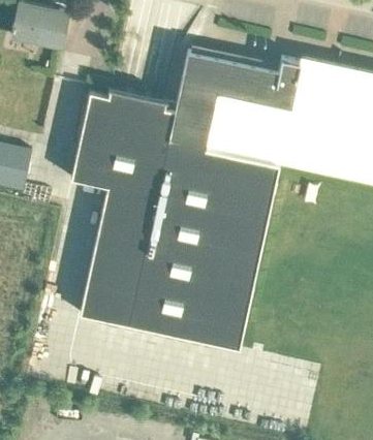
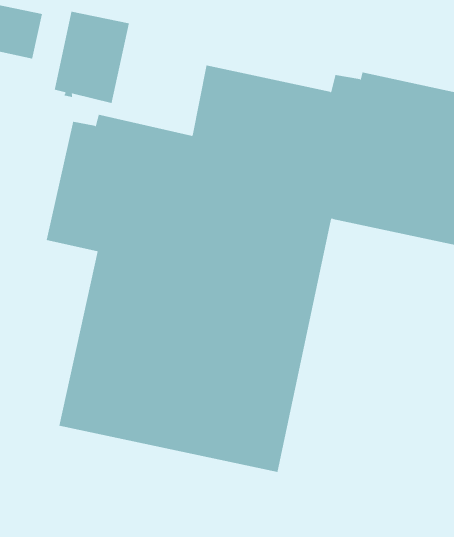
building: none -> [54,11,130,104]

